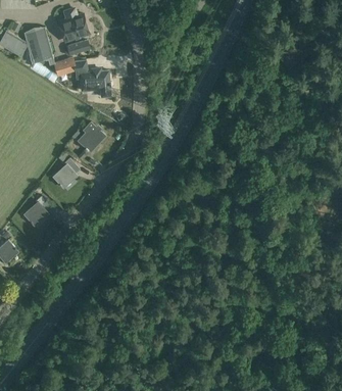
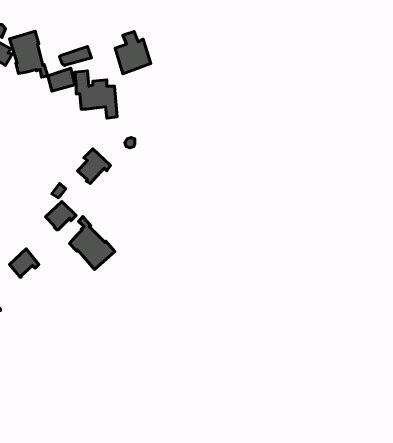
building: [59,7,88,41] -> [115,31,151,74]
building: none -> [69,216,115,270]

